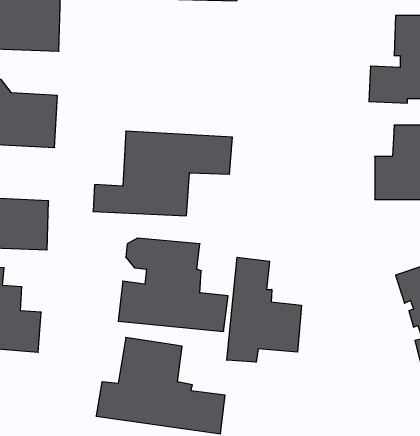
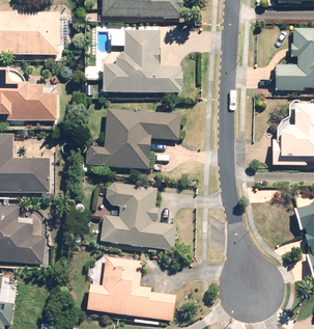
building: none -> [102,28,183,93]
building: [227,257,301,362] -> none

